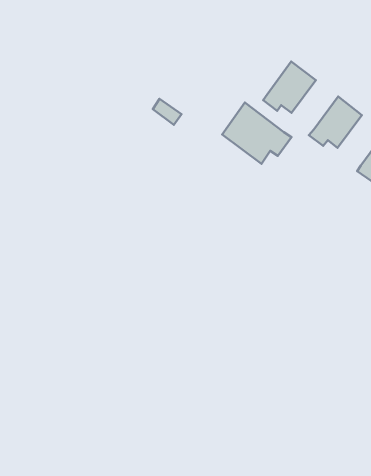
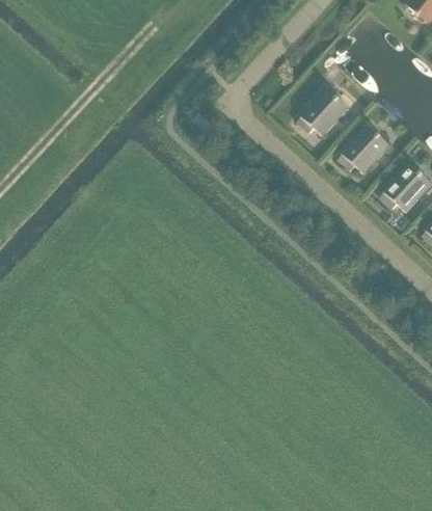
building: [222,103,292,164] -> none

